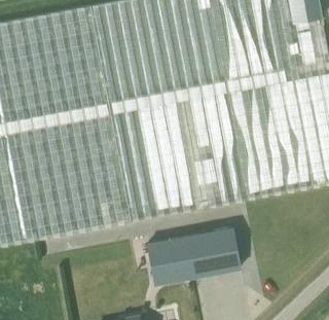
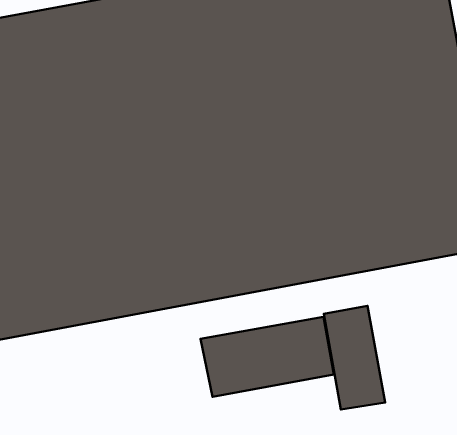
building: none -> [324,306,385,409]

